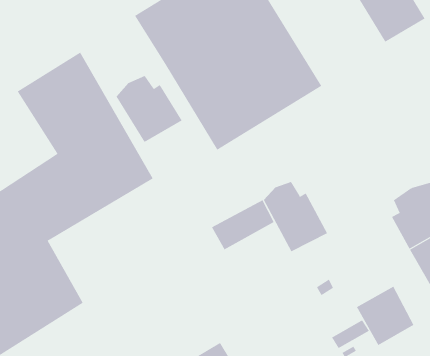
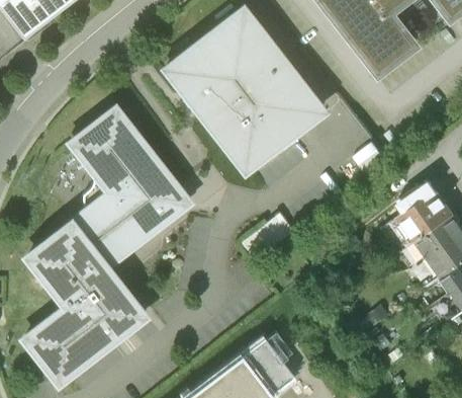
building: [116,75,182,143] -> none
building: [263,181,328,252] -> none
building: [356,286,414,346] -> none

